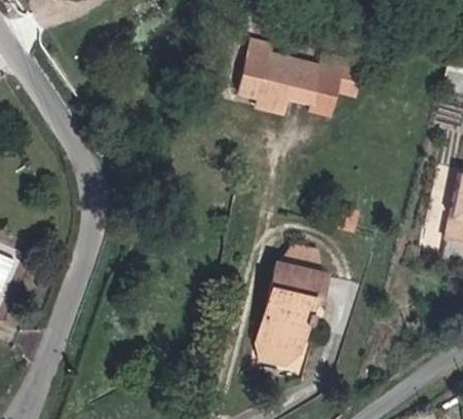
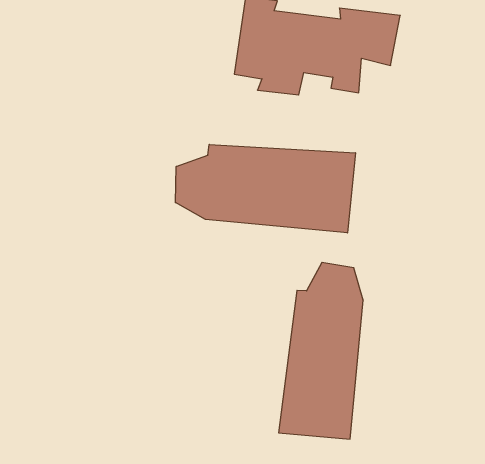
building: none -> [175,144,355,233]

